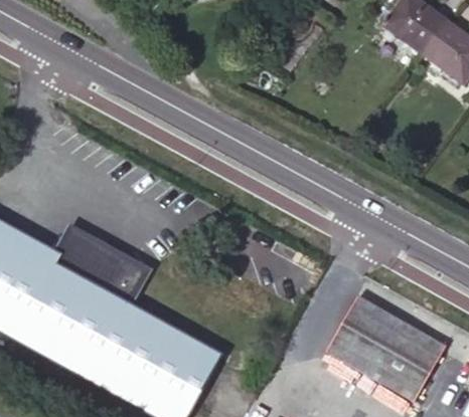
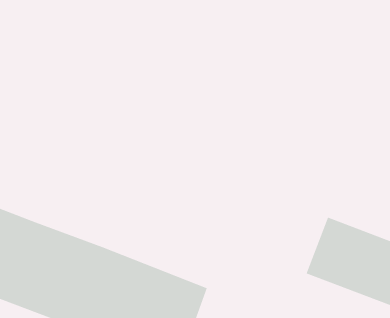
building: [55,232,134,294] -> none

